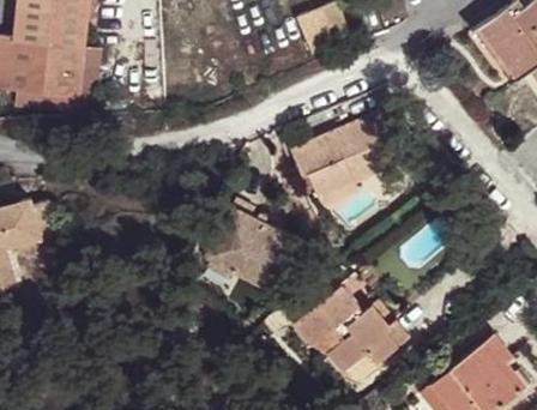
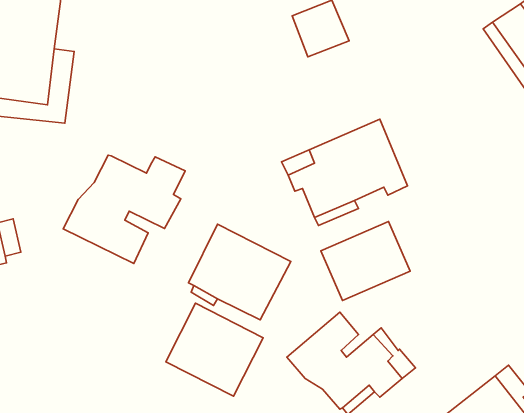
building: none -> [63,155,185,264]
building: none -> [321,221,410,301]
building: none -> [166,303,263,396]

